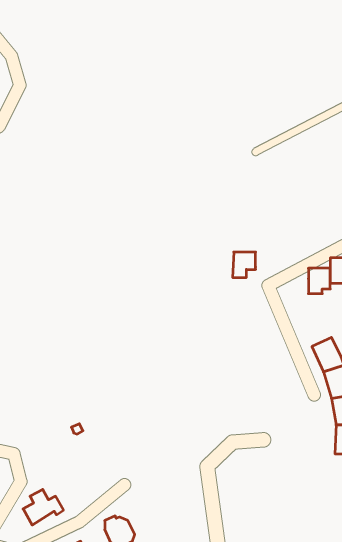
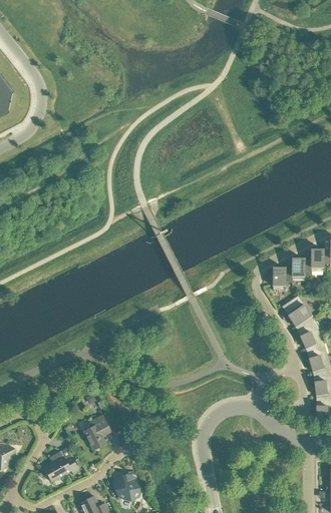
building: [233,252,256,277] -> [272,267,292,289]
building: none -> [281,295,312,326]
building: none -> [83,414,111,449]

